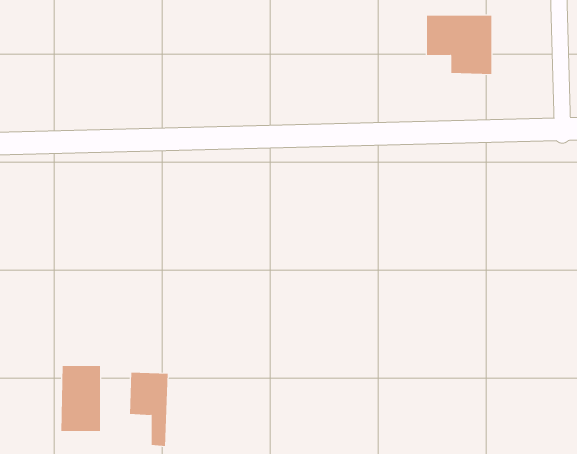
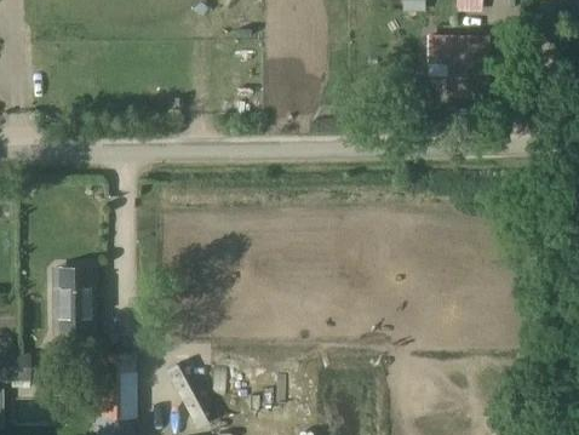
building: none -> [56,267,90,321]

